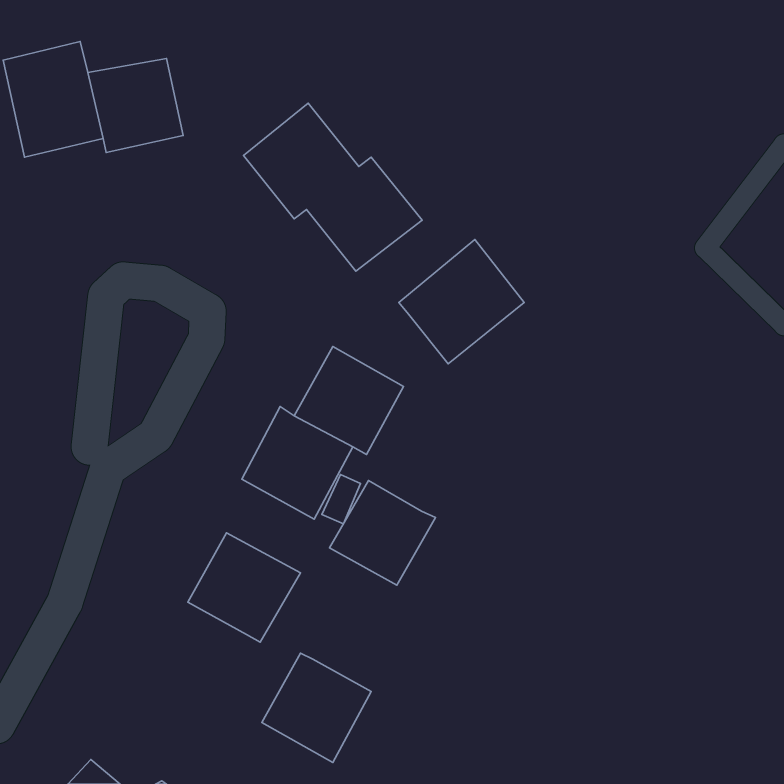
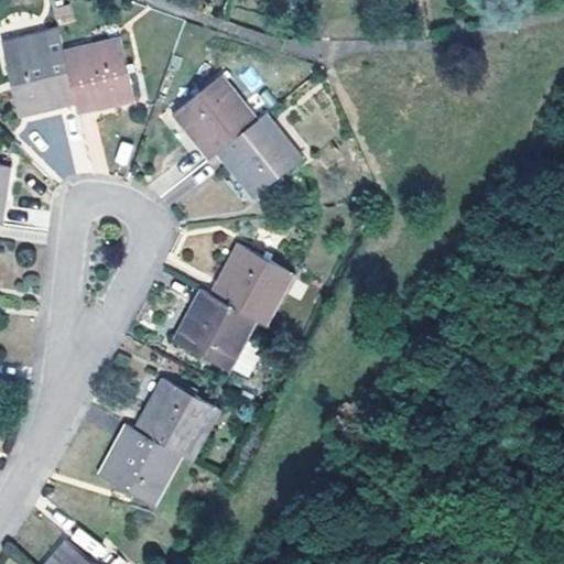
building: [399,240,524,364] -> none
building: [330,480,436,585] -> none
building: [262,653,371,762] -> [98,426,176,505]

